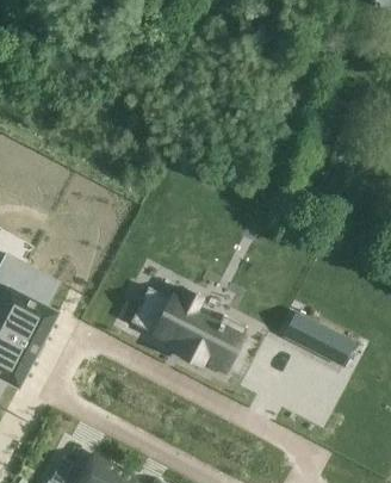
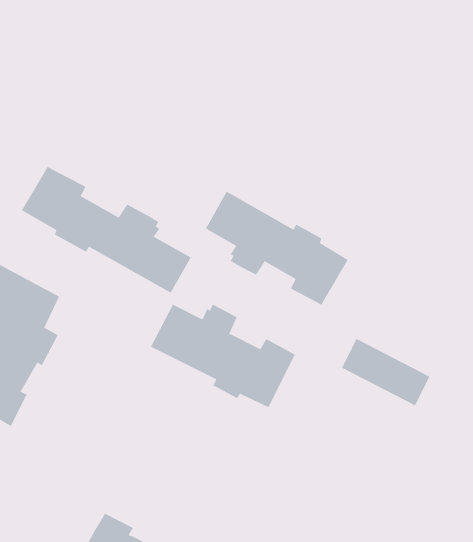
building: none -> [21,166,191,294]
building: none -> [205,191,349,306]

